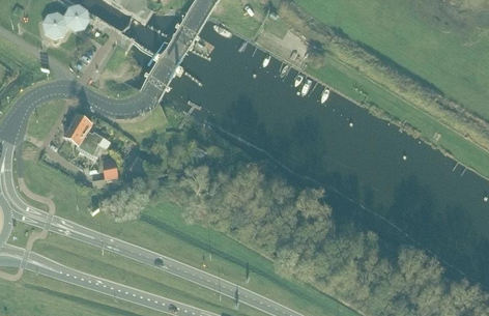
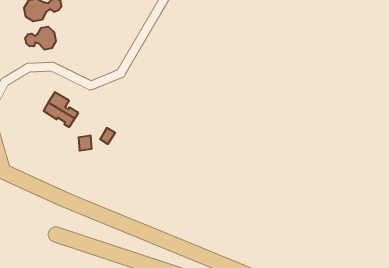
building: none -> [25,27,56,50]

